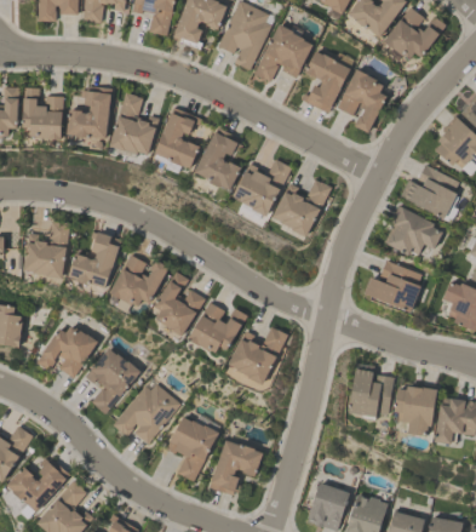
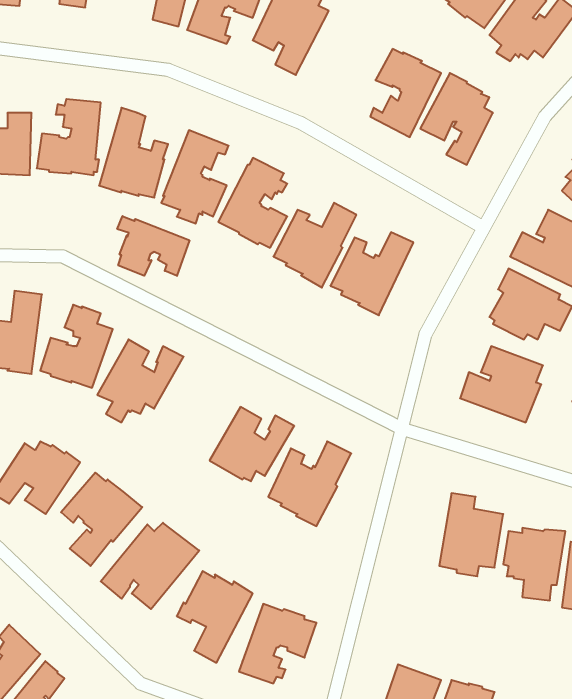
building: [253,23,312,81] -> none
building: none -> [117,216,189,276]
building: [154,271,206,337] -> none

